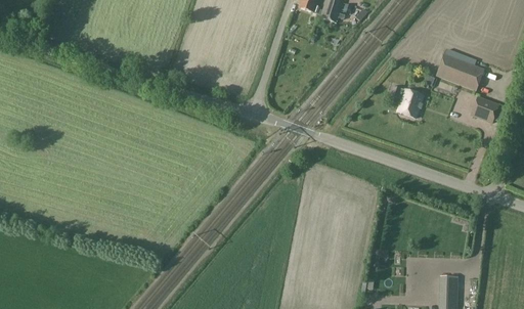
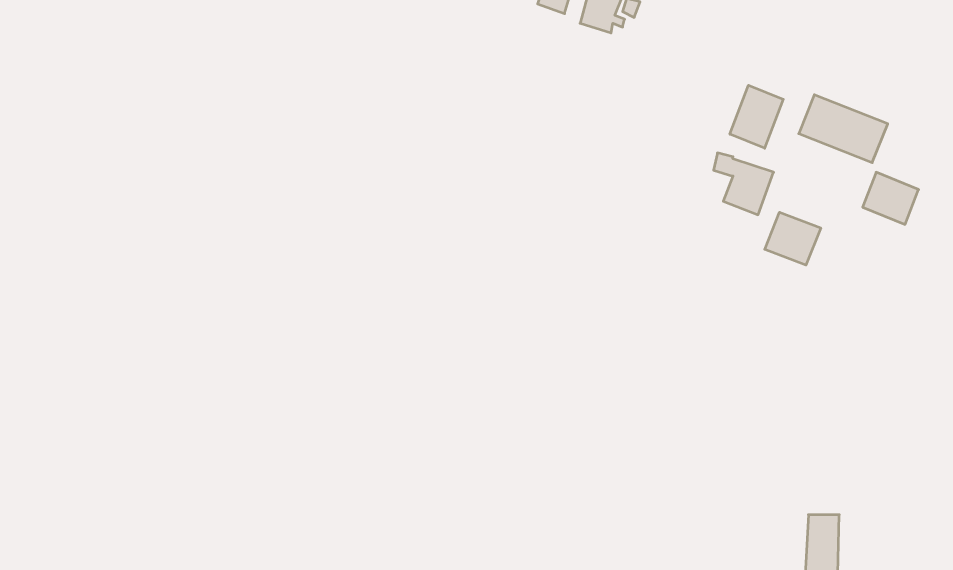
building: none -> [730,85,783,148]
building: none -> [765,212,821,265]

